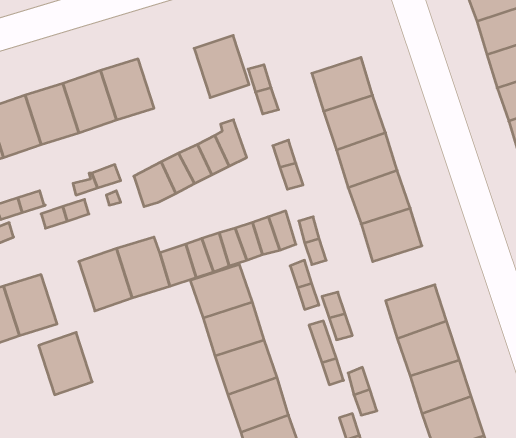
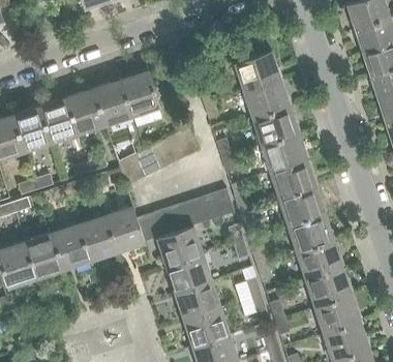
building: none -> [235,52,279,90]
building: [194,35,249,98] -> [120,70,159,115]
building: none -> [288,213,332,252]
building: [39,332,92,395] -> [51,224,89,269]

